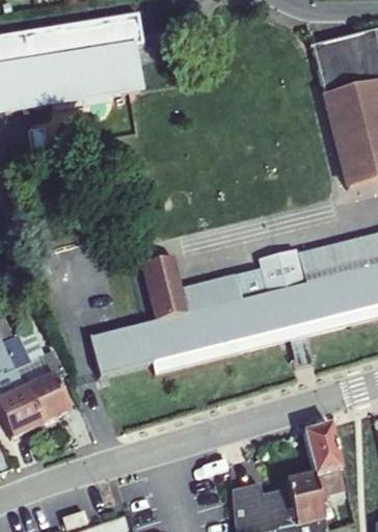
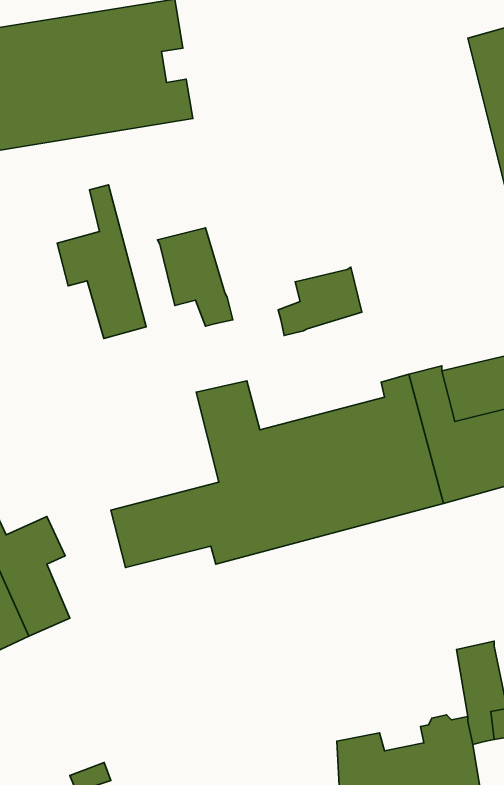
building: none -> [57,185,146,339]
building: none -> [157,228,233,326]
building: none -> [278,267,362,335]

